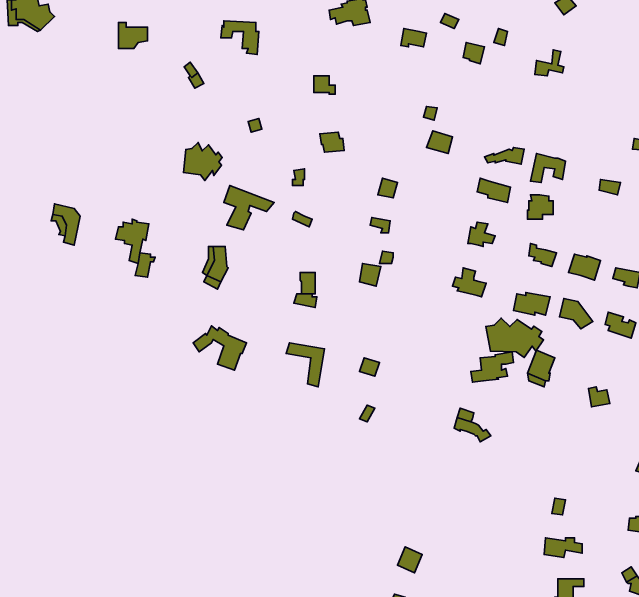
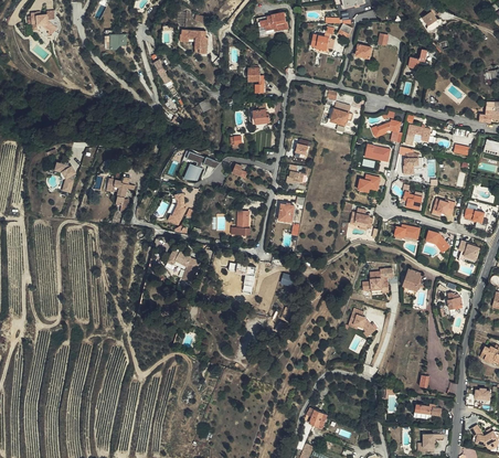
building: [184,143,222,181] -> none
building: [486,318,544,357] -> none

